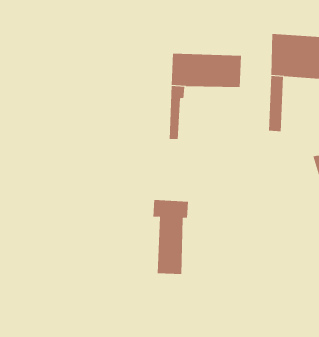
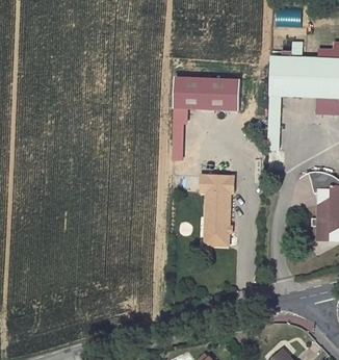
building: [152,199,189,275] -> [200,173,234,243]

